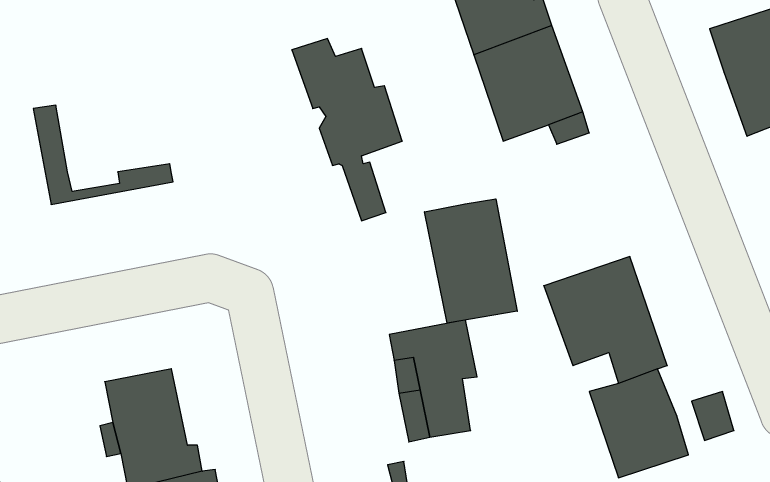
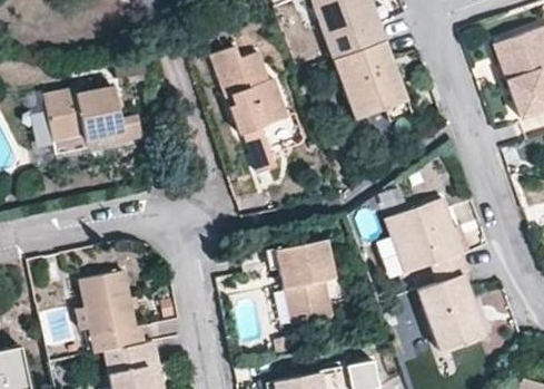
building: none -> [47,87,142,152]
building: [425,199,517,323] -> none

